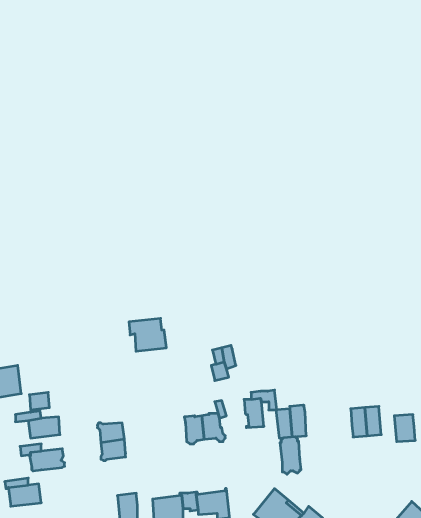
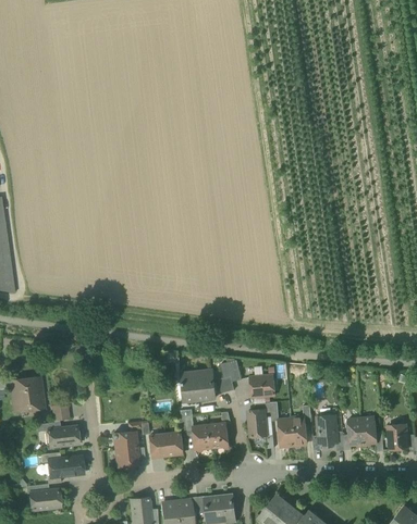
building: [129,318,166,351] -> [181,371,216,401]
building: none -> [250,375,275,398]
building: none -> [150,433,184,458]
building: [280,437,301,474] -> [318,412,338,447]

